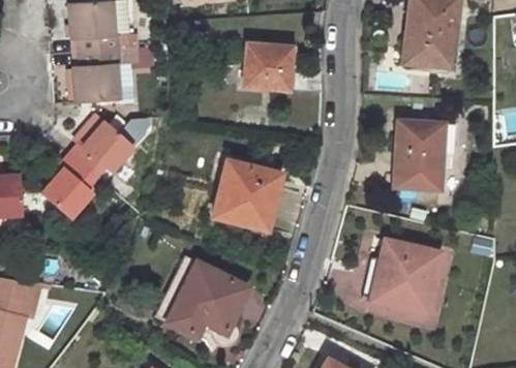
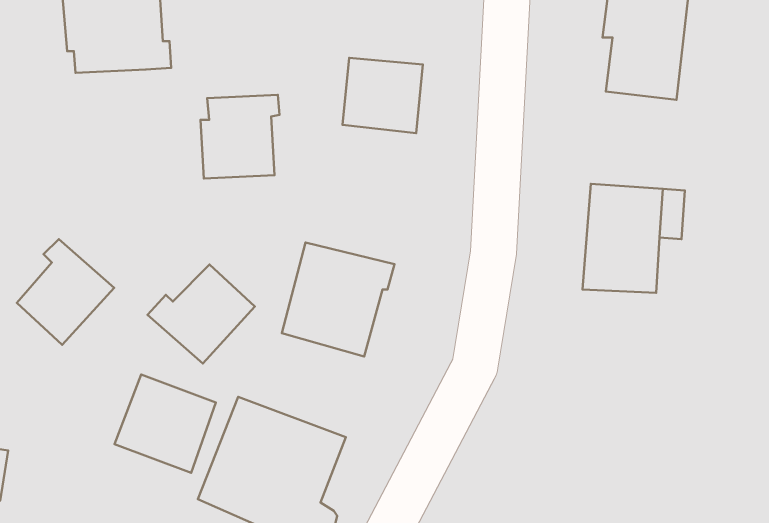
building: [75,51,124,102] -> [201,95,279,179]
building: [69,124,135,185] -> [148,265,255,364]
building: none -> [114,375,216,473]
building: [368,242,436,312] -> none

